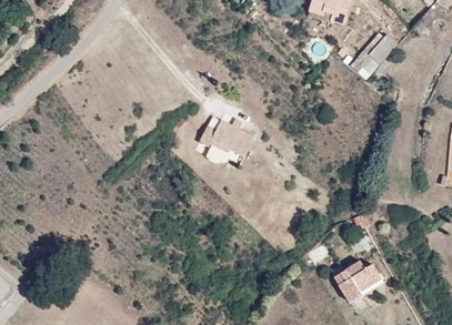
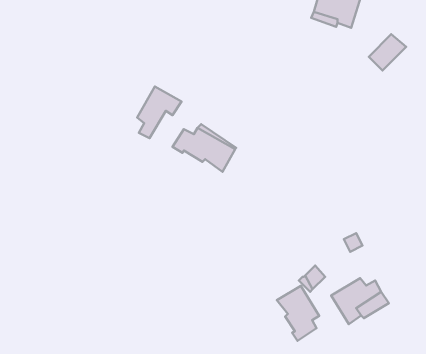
building: none -> [137,87,181,138]
building: none -> [277,286,319,341]

